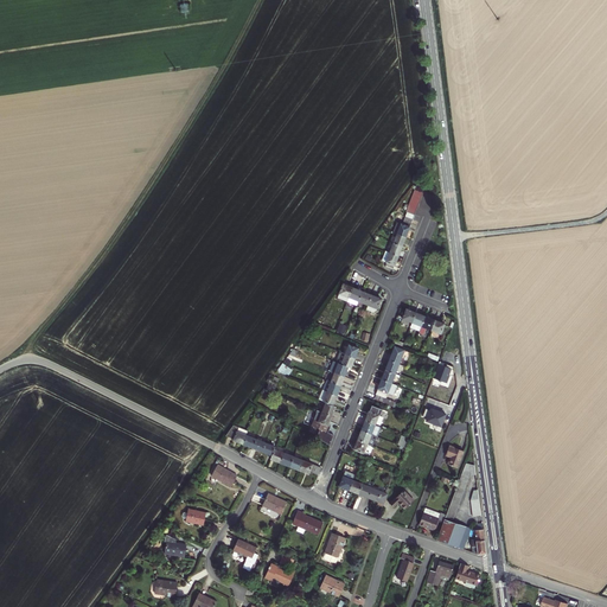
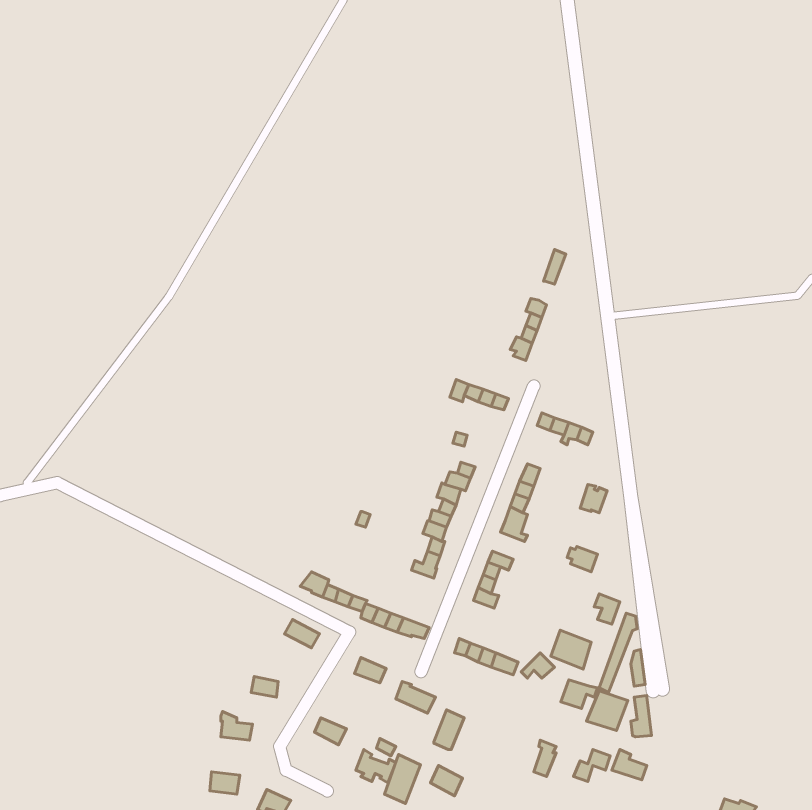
building: none -> [551,630,591,669]
building: none -> [384,754,420,804]

